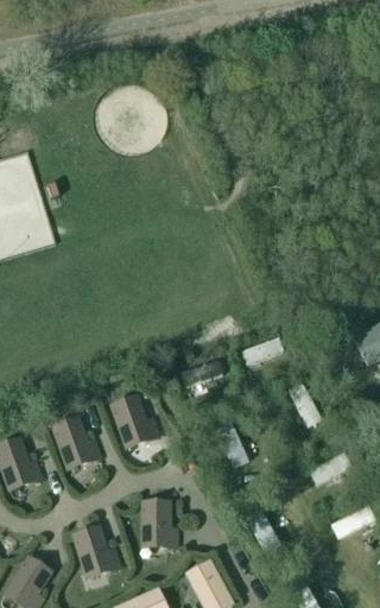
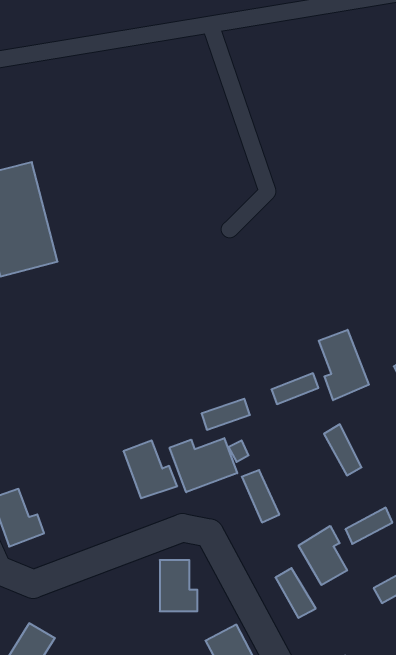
building: none -> [319,330,369,400]
building: none -> [170,438,237,492]
building: [53,418,100,469] -> none
building: none -> [299,526,347,585]
building: [74,527,119,578] -> none

